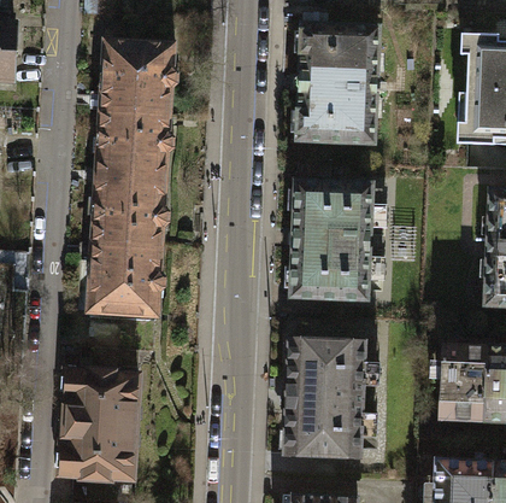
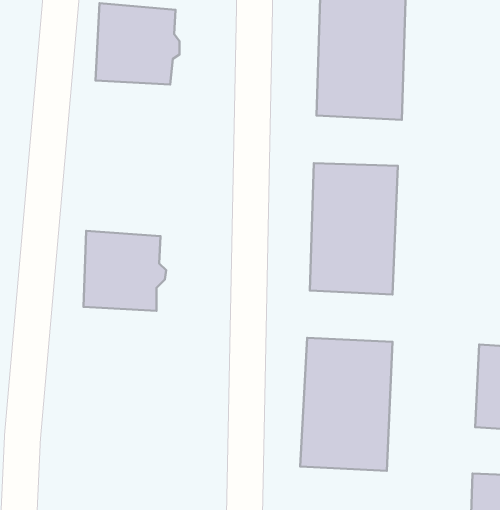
building: [93,110,172,248] -> none
building: [61,368,137,480] -> none

